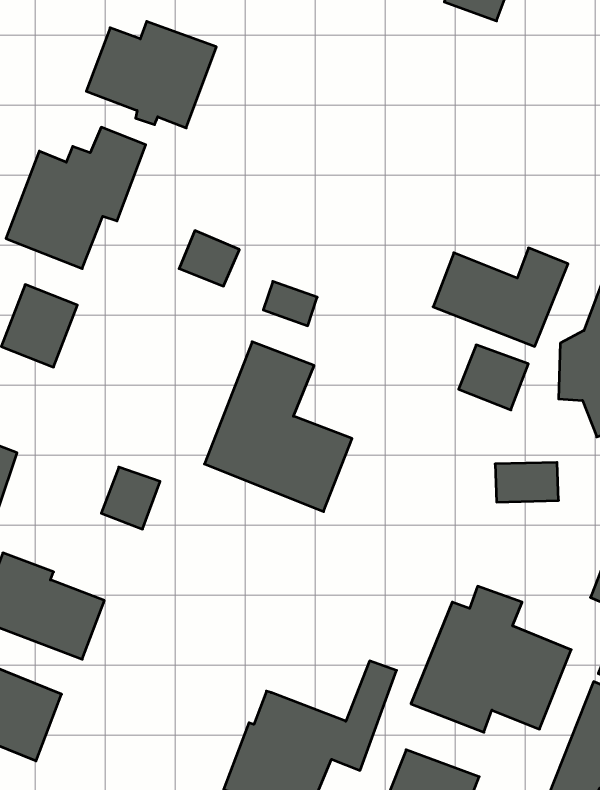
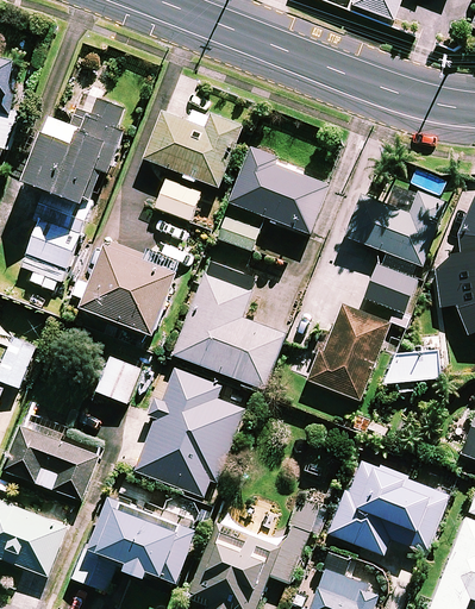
building: [86,21,216,128] -> [143,107,240,187]
building: none -> [227,147,327,234]
building: none -> [81,249,176,337]
building: none -> [306,304,388,400]
building: none -> [135,368,243,496]
building: none -> [71,496,195,590]

